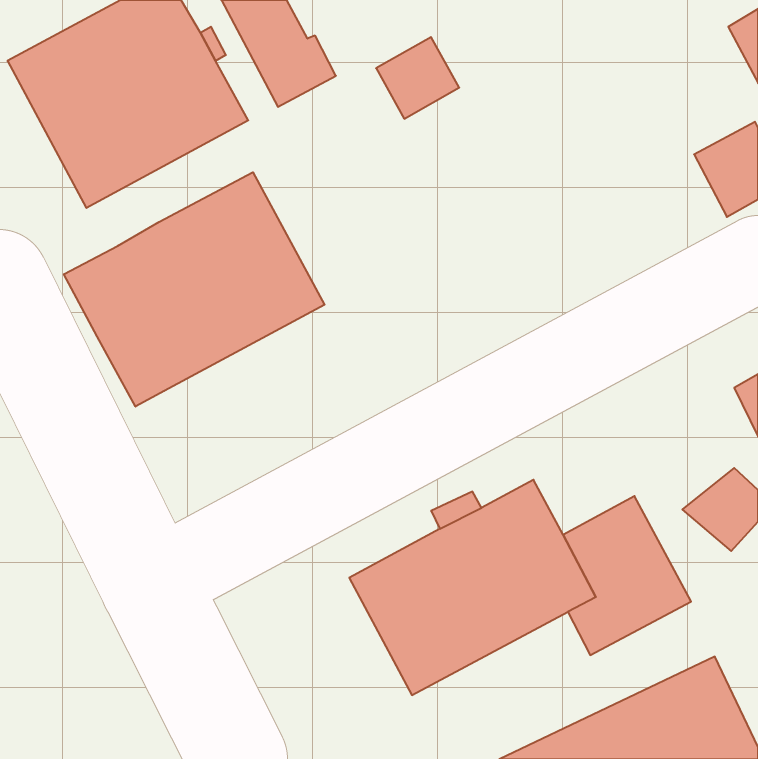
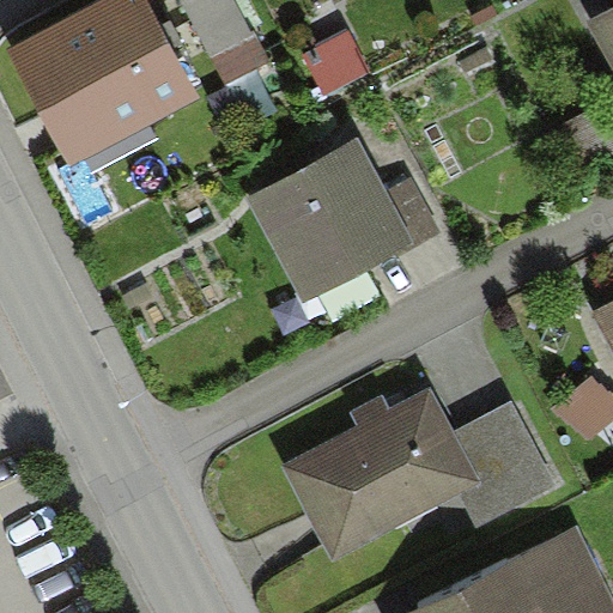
building: [64,172,325,407] -> none
building: none -> [245,139,439,305]

